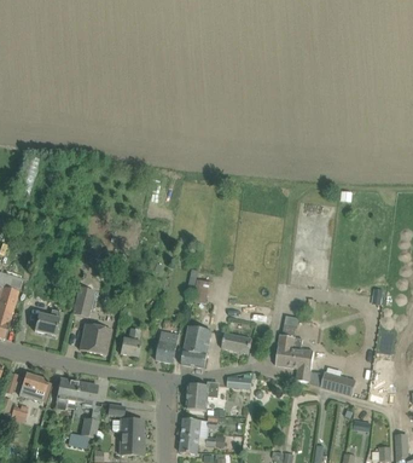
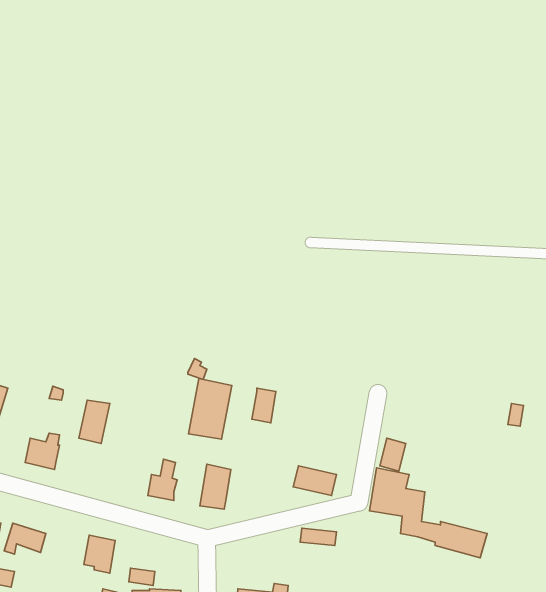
building: [78,323,111,354] -> none
building: [181,325,211,367] -> [189,378,232,439]
building: [54,377,78,413] -> none
building: [186,382,219,410] -> none

